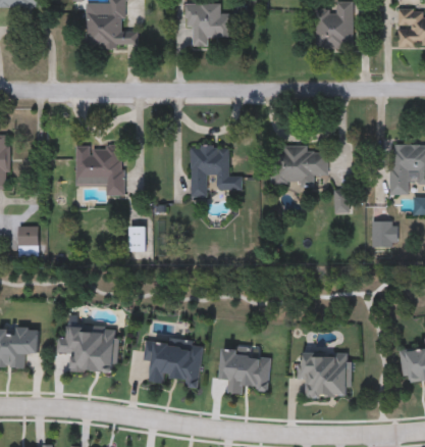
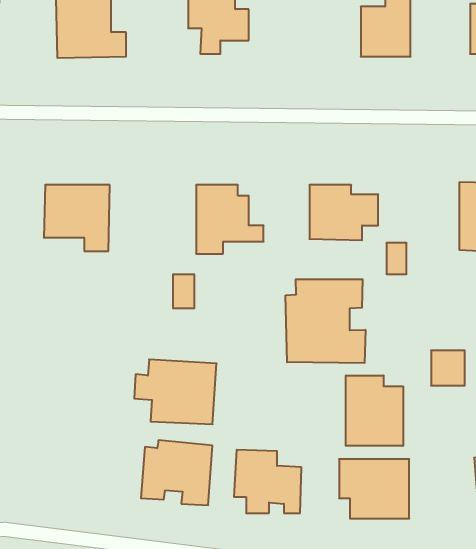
building: none -> [286,279,365,363]
building: [372,220,397,247] -> [431,350,465,386]
building: [129,226,146,251] -> [173,274,194,308]
building: none -> [346,375,403,446]
building: [57,324,119,373] -> [134,359,217,424]

